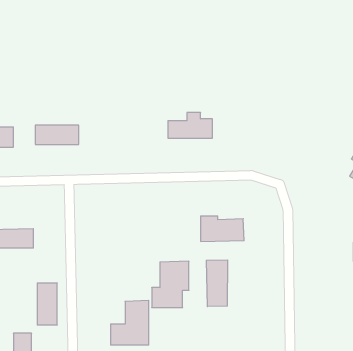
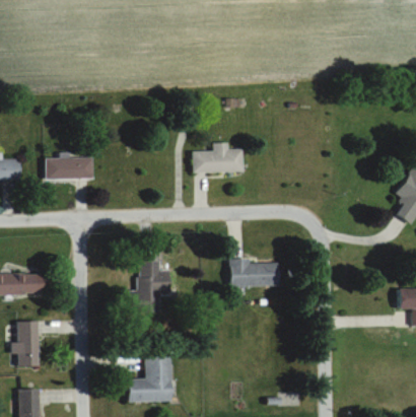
building: [206,260,227,307] -> none
building: [152,261,189,308] -> [129,261,170,312]
building: [37,283,57,325] -> [17,321,40,367]

